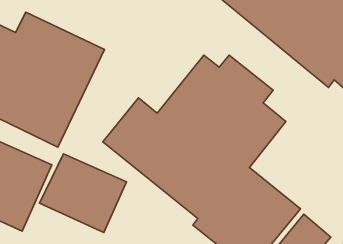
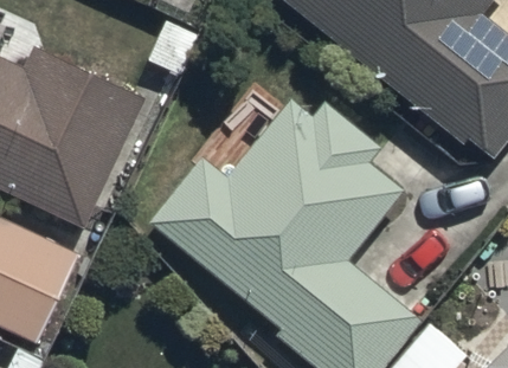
building: [40,154,127,233] -> none

